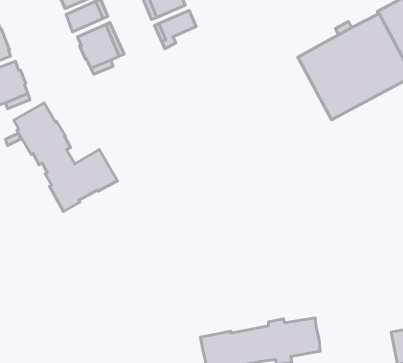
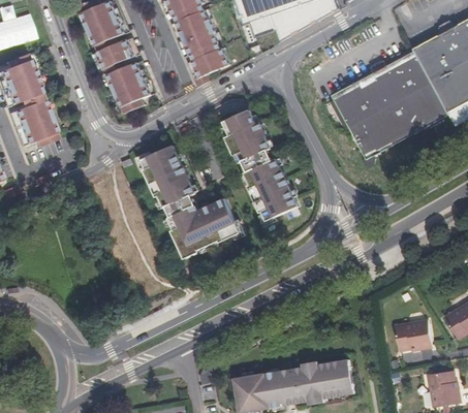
building: none -> [223,105,305,216]
building: [14,103,117,211] -> [141,141,246,252]
building: none -> [394,320,431,352]

